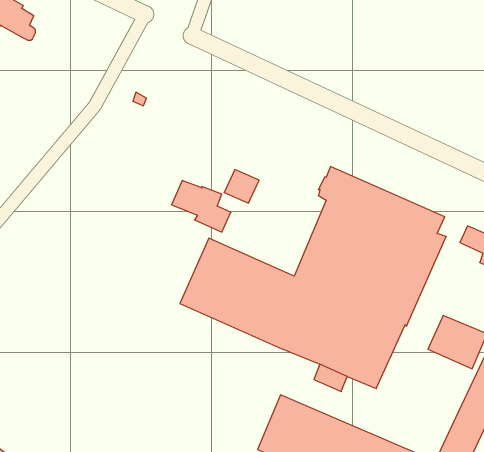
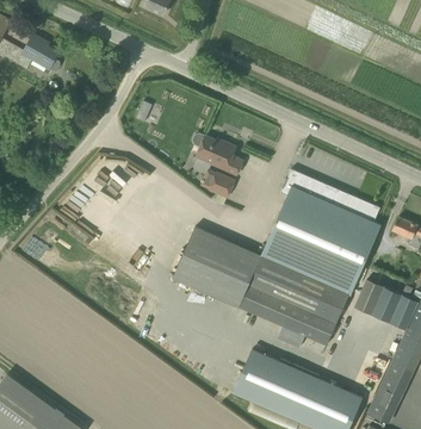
building: [172,180,231,232] -> [196,135,242,175]

